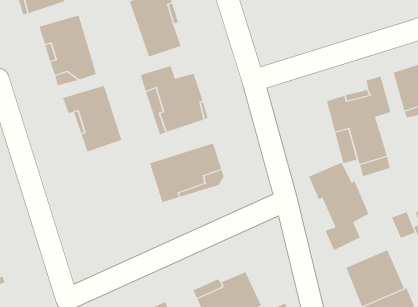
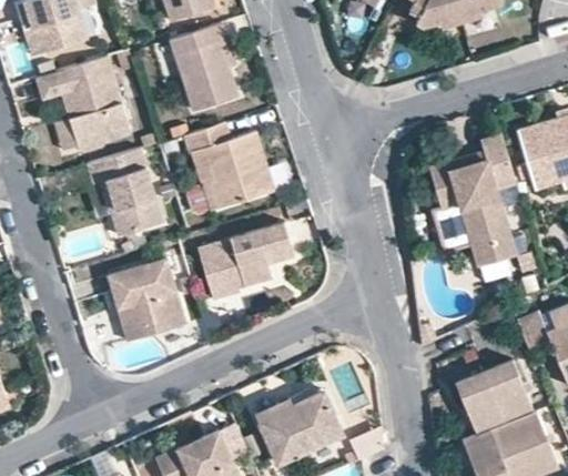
building: [308,162,369,251] -> none
building: none -> [109,259,186,340]

